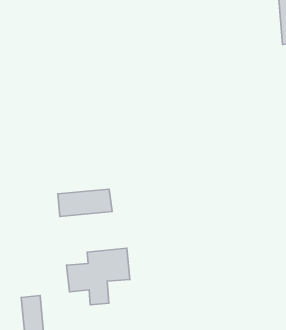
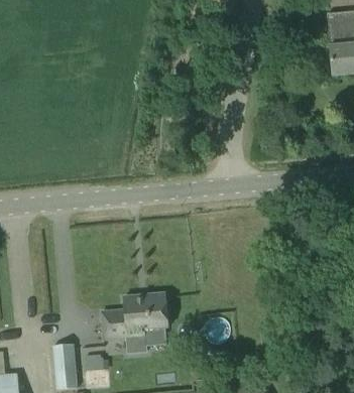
building: [58,189,112,217] -> none

